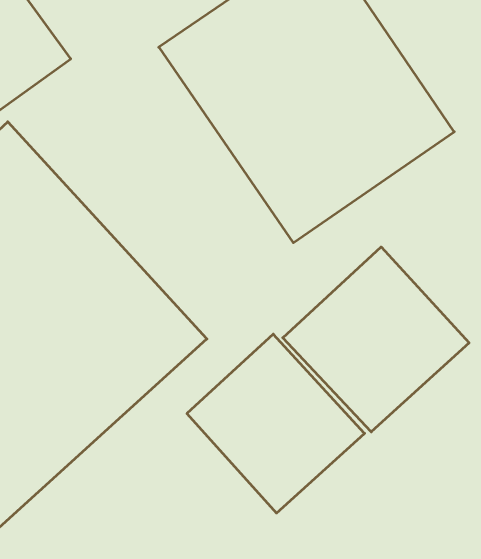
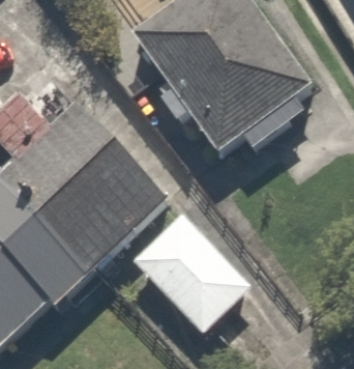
building: [283,247,469,432] -> none

